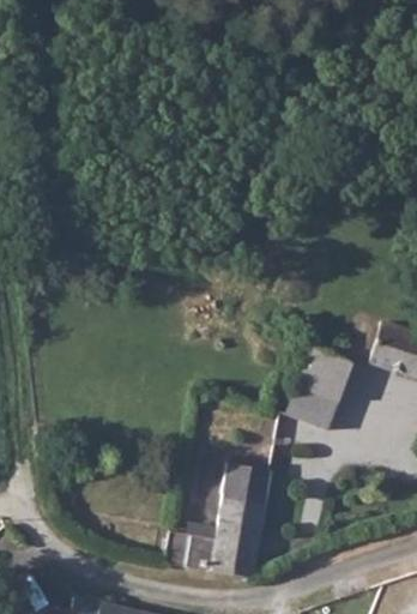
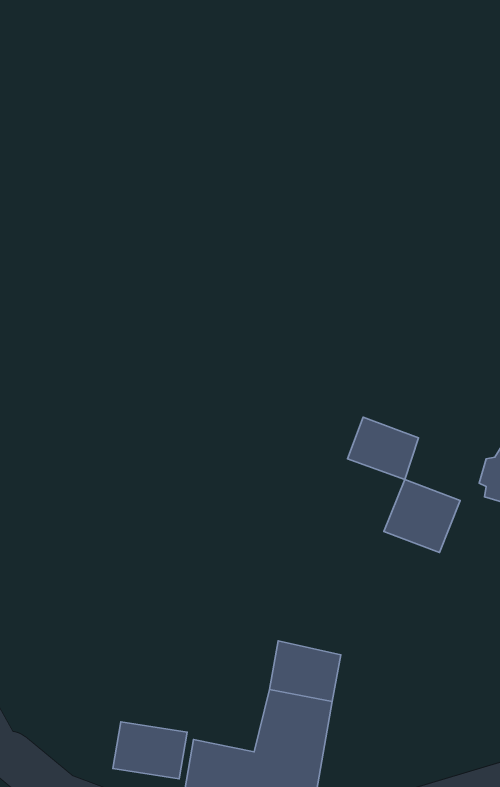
building: [290,385,339,428] -> [348,417,419,480]
building: none -> [113,722,187,779]

